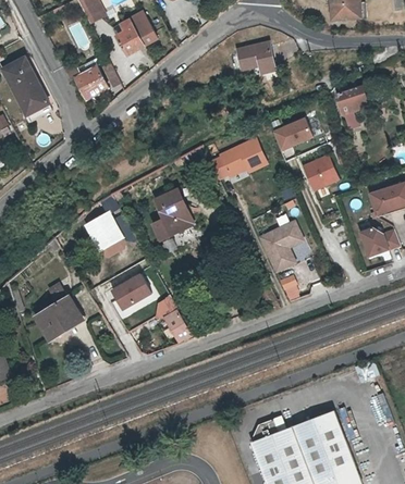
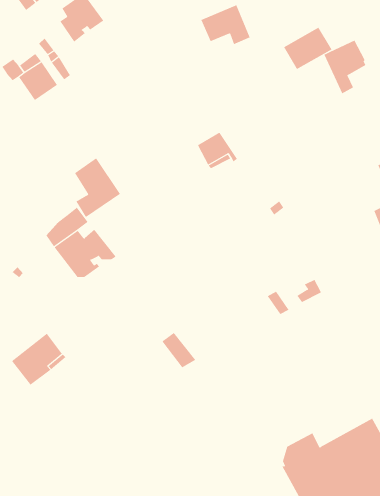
building: [272,117,314,151] -> [283,27,332,70]
building: [240,140,267,172] -> none
building: [302,154,339,191] -> none
building: [152,189,192,239] -> [74,157,121,218]
building: [259,221,302,271] -> none
building: [106,270,149,309] -> none

